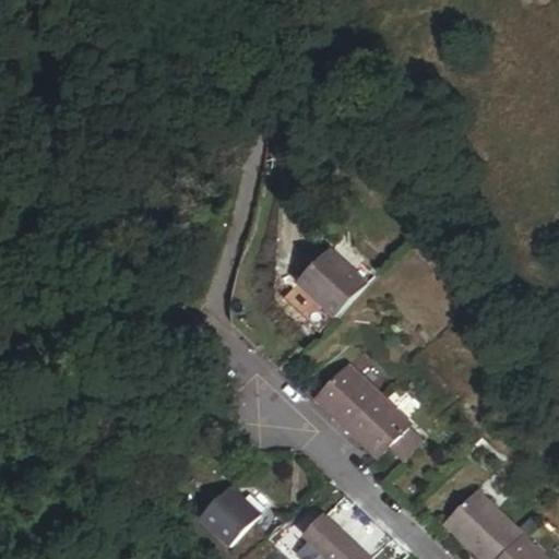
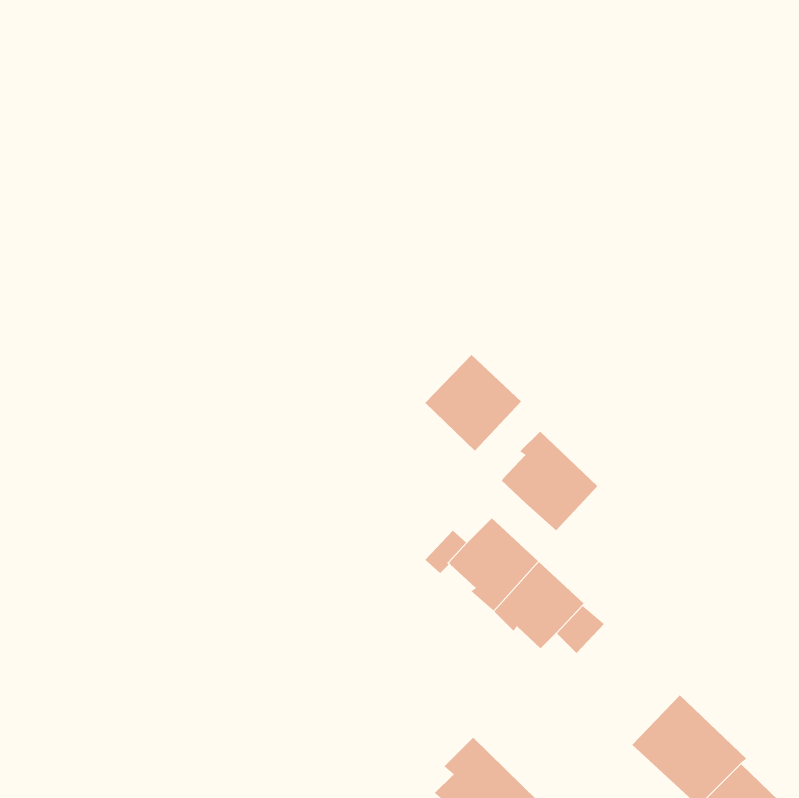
building: none -> [501,431,598,531]
building: [204,488,265,549] -> none

